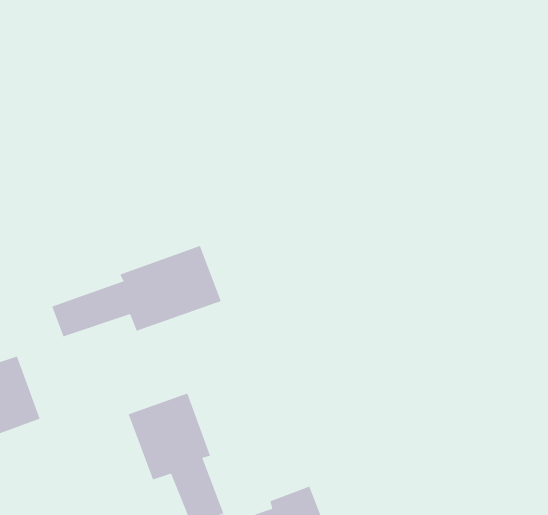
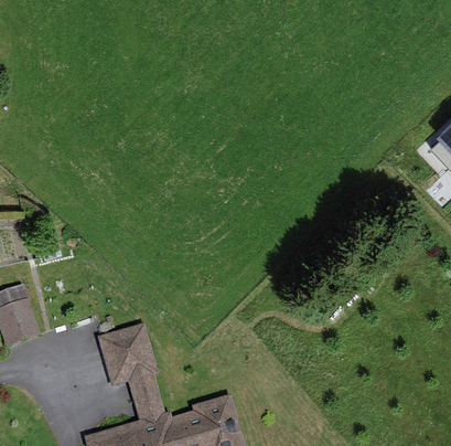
building: [52,245,221,337] -> none

